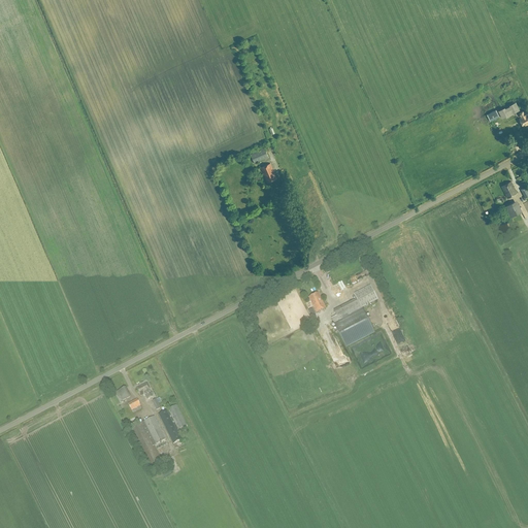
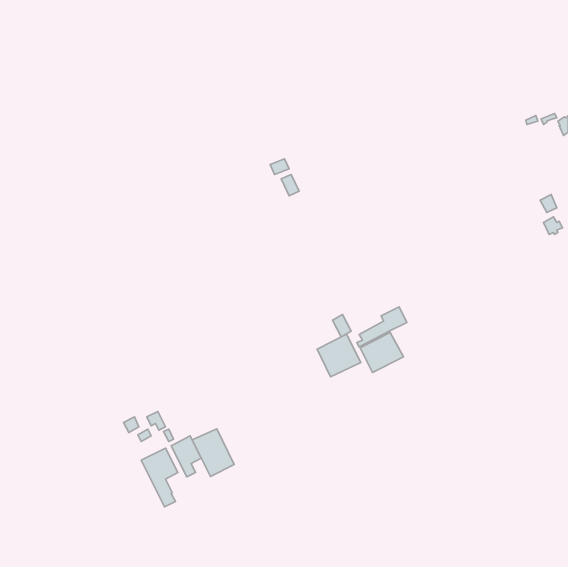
building: none -> [317,334,361,377]
building: none -> [192,429,234,476]

